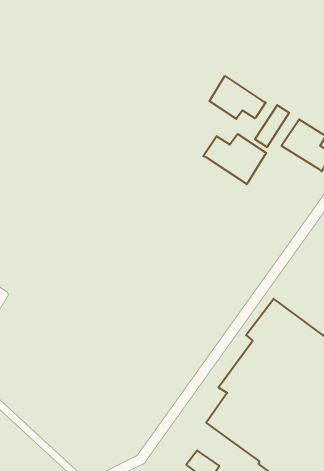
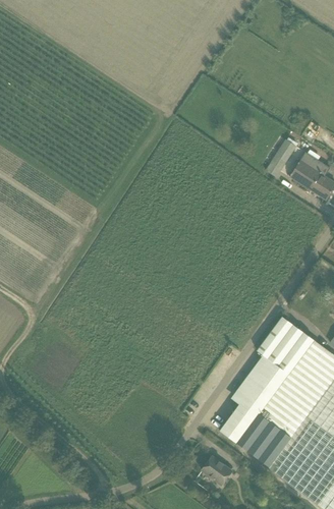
building: [209,76,266,119] -> none
building: [203,134,266,184] -> none

